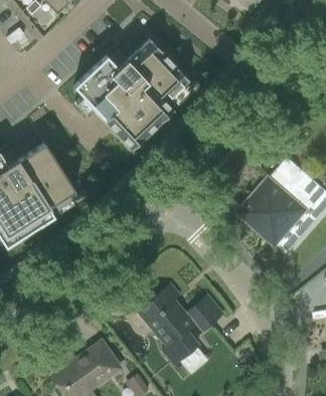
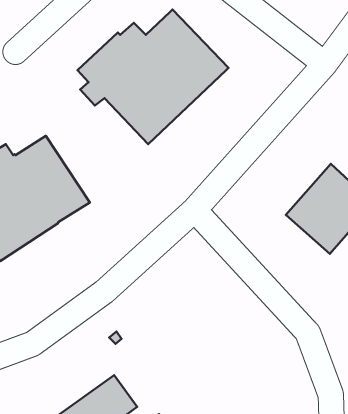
building: [138,285,222,366] -> none

